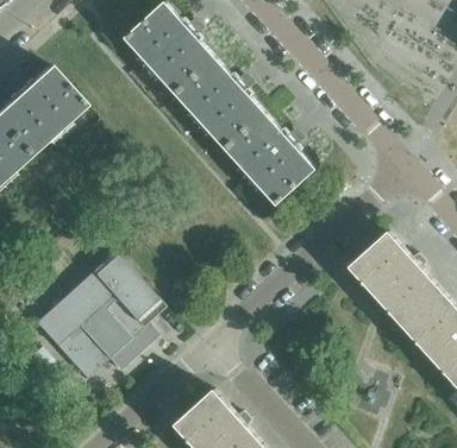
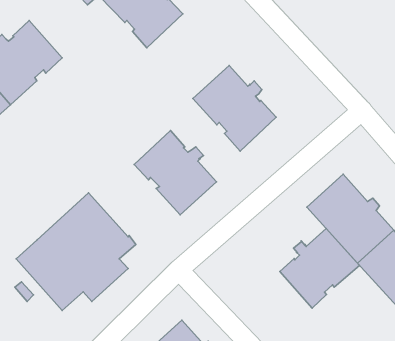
building: [176,59,265,151] -> [134,130,217,215]
building: none -> [280,228,360,308]

